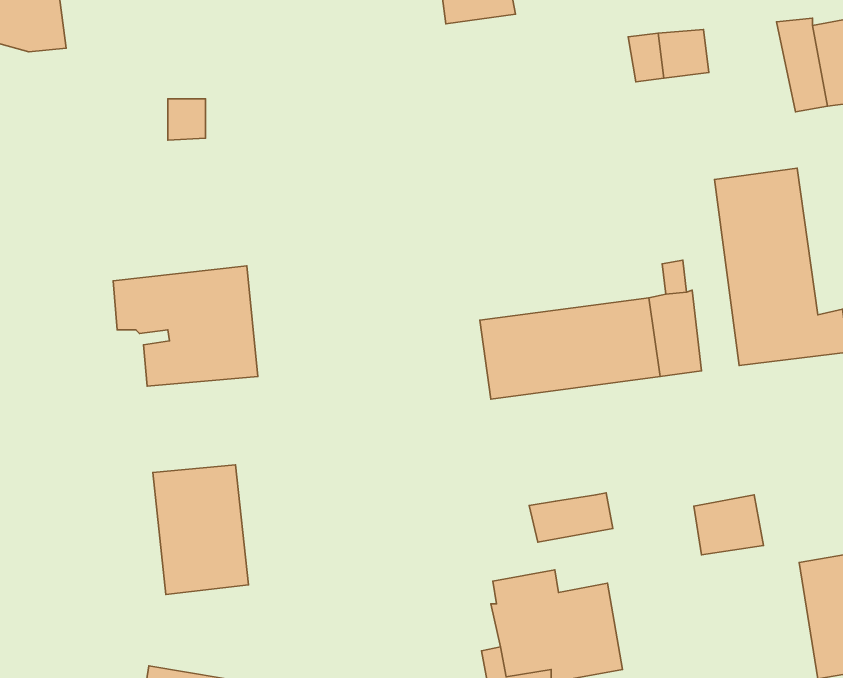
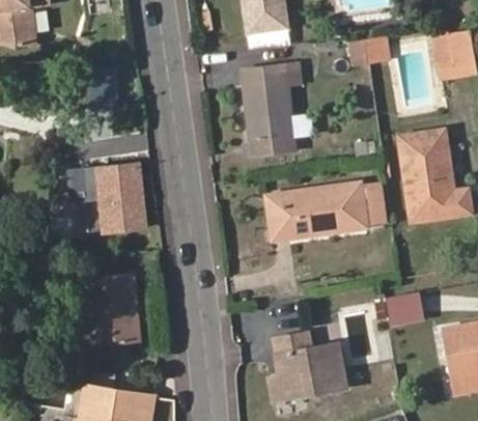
building: none -> [242,65,300,153]
building: [529,493,613,542] -> none

